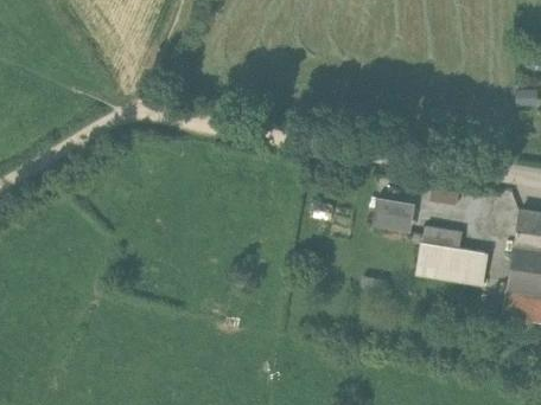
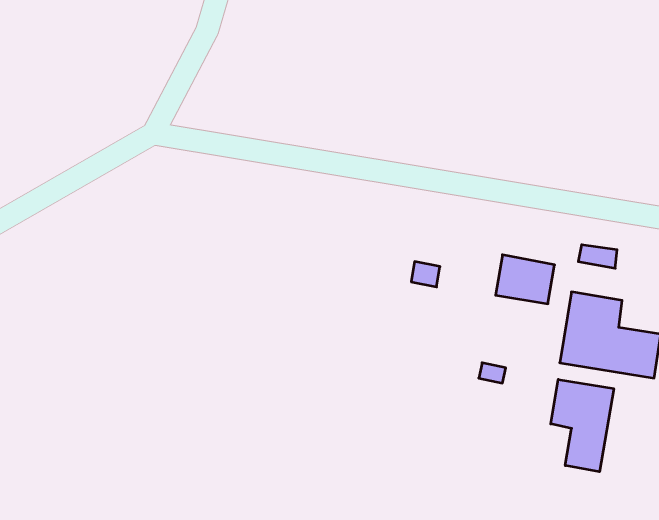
building: none -> [551,379,614,472]

